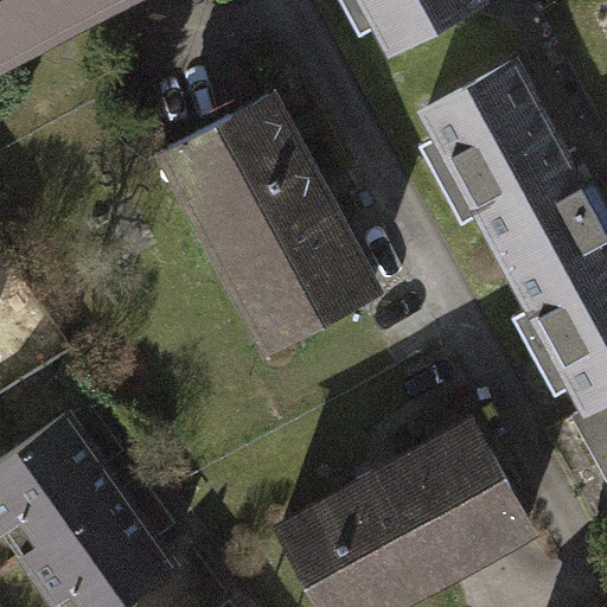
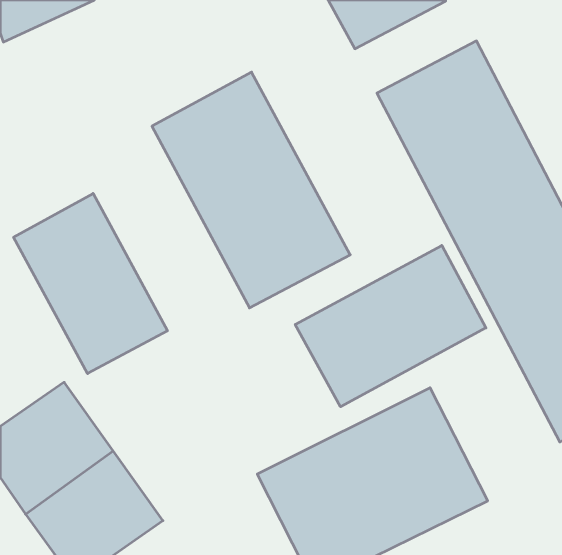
building: none -> [14,193,167,374]
building: none -> [295,245,486,407]

